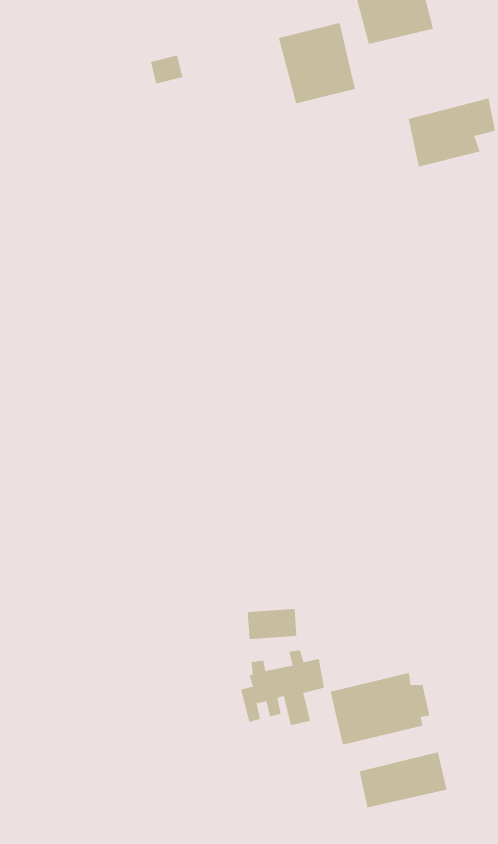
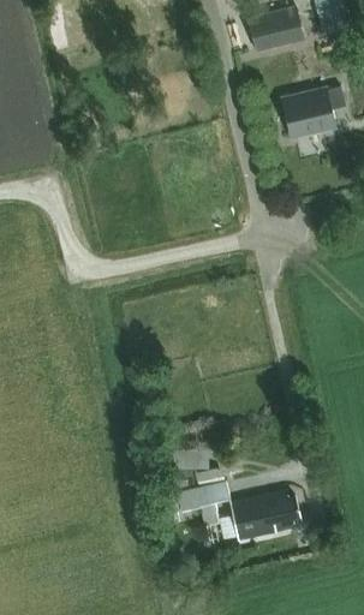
building: [278,22,356,104] -> none
building: [359,752,447,808] -> none

